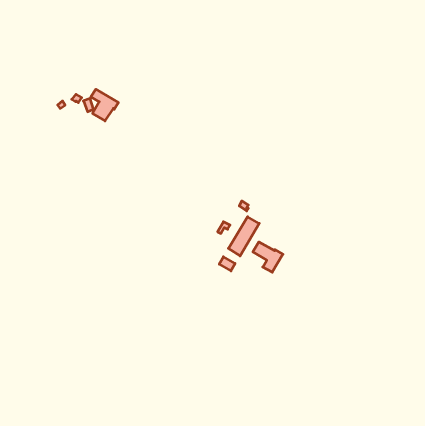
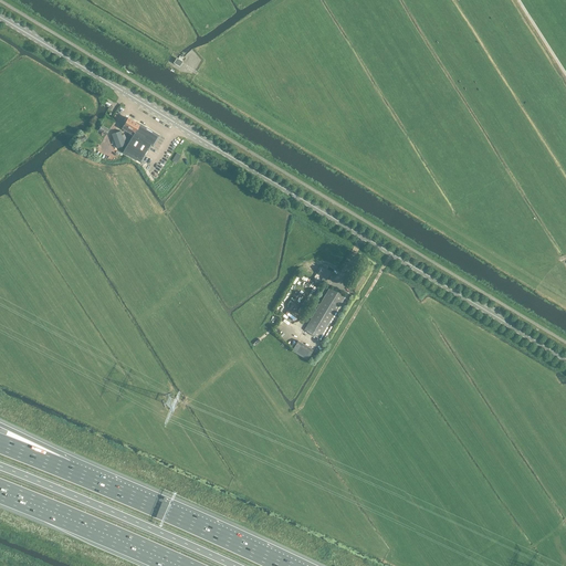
building: [253,242,283,272] -> none

